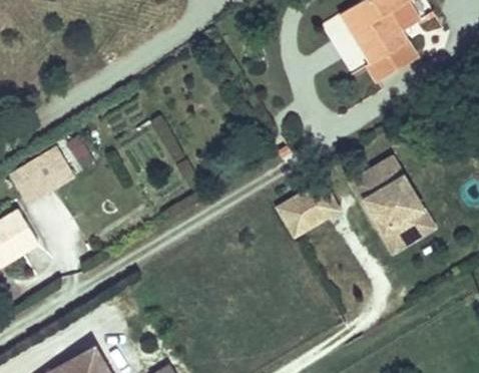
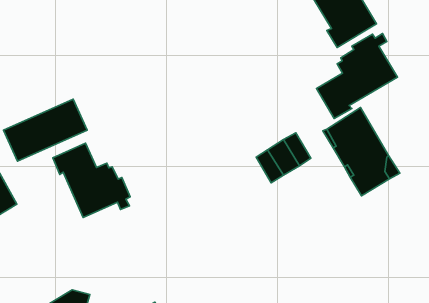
building: none -> [317,33,397,119]
building: none -> [53,143,130,217]

